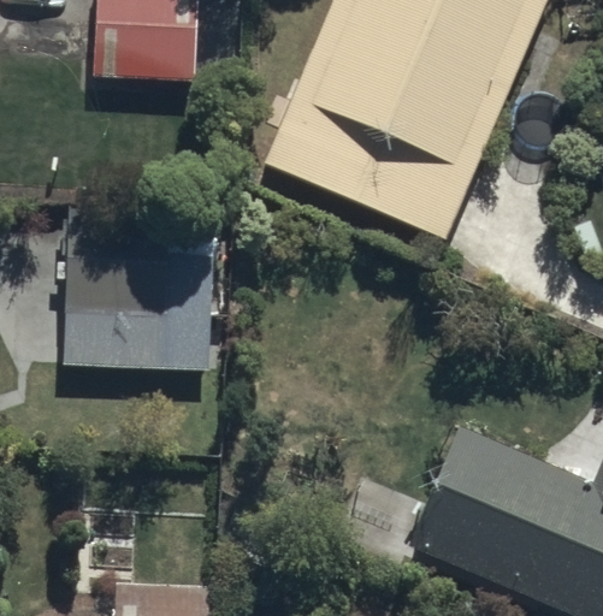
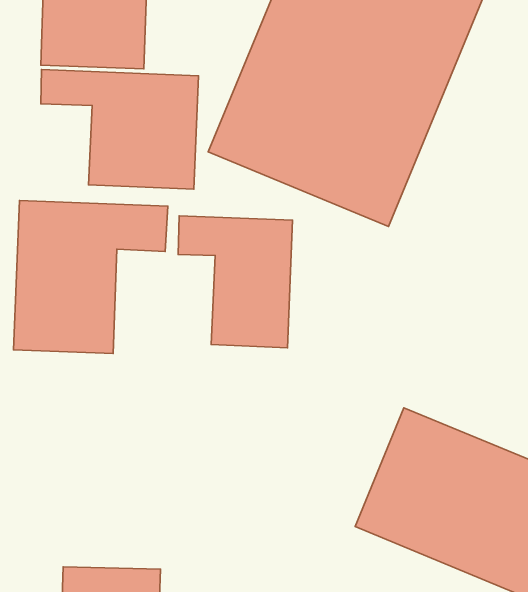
building: none -> [41,70,198,189]
building: none -> [178,216,292,348]

